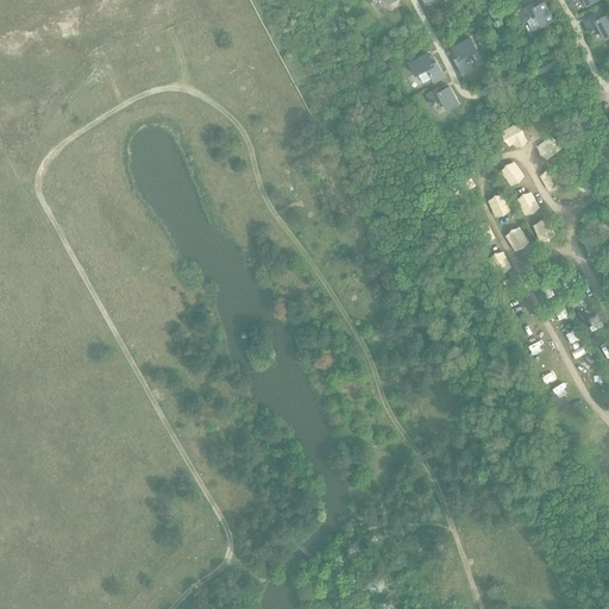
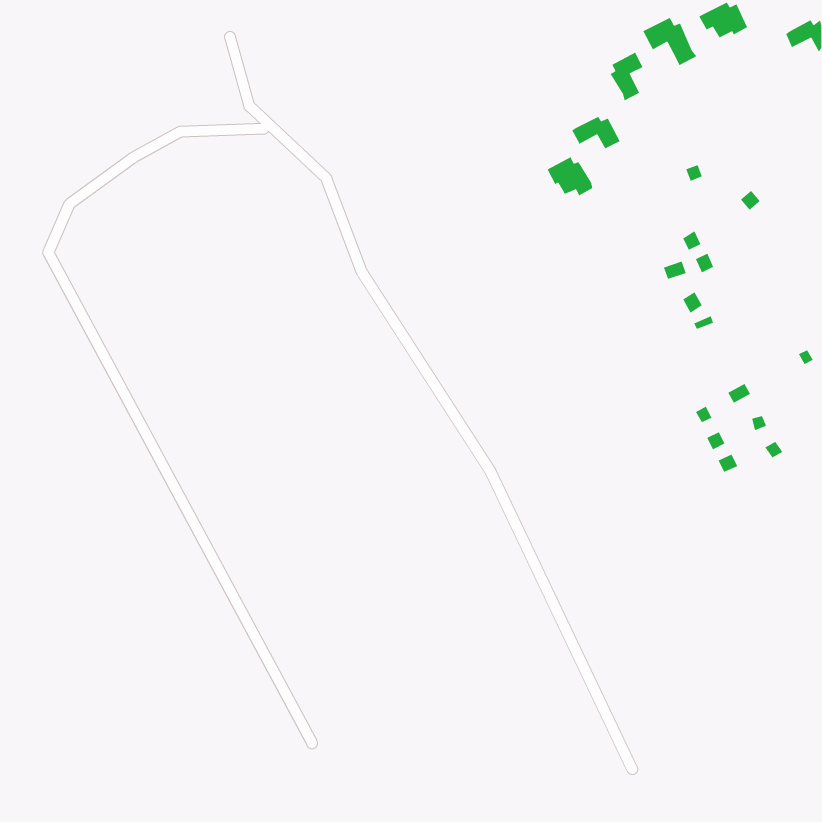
building: none -> [642,17,698,66]
building: [409,54,444,83] -> [547,156,593,197]

